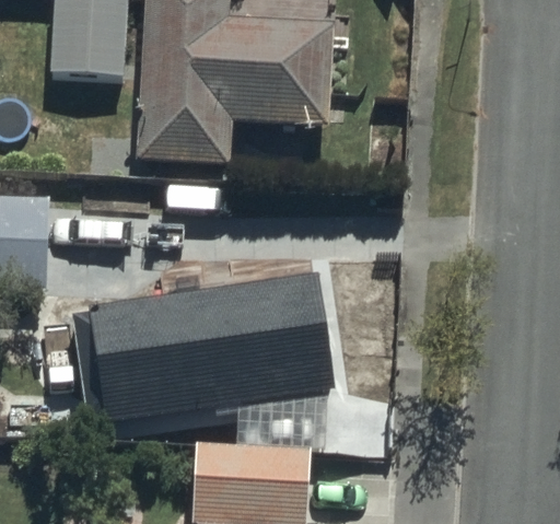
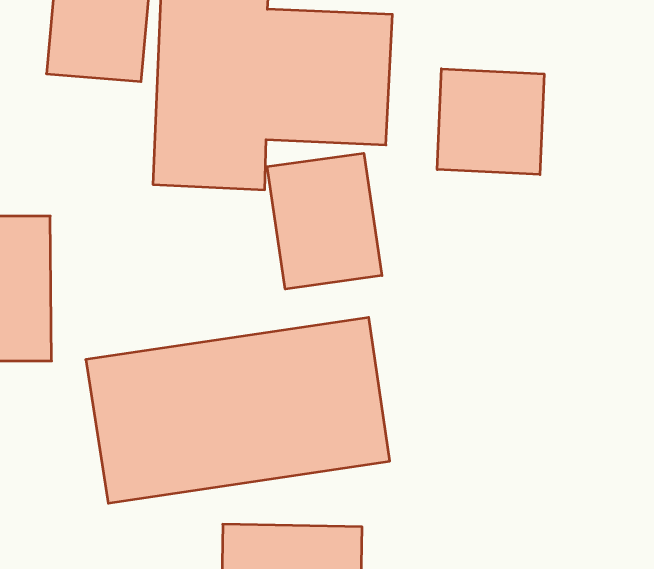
building: none -> [437,69,544,175]
building: none -> [267,153,382,289]

